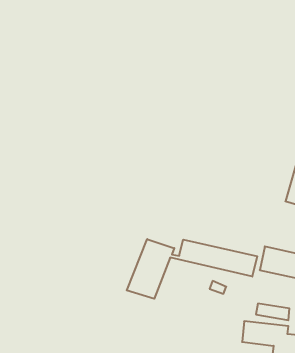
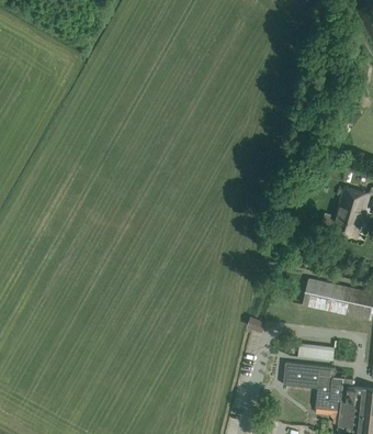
building: [127,239,257,299] -> none

